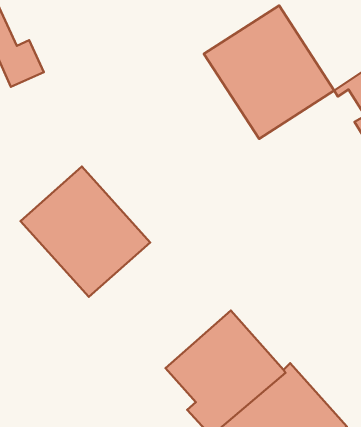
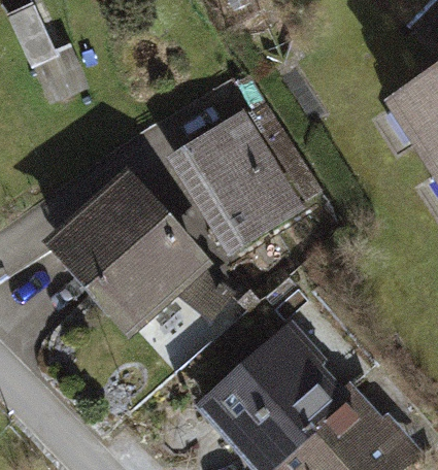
building: [204,6,334,139] -> none
building: none -> [179,115,287,243]

